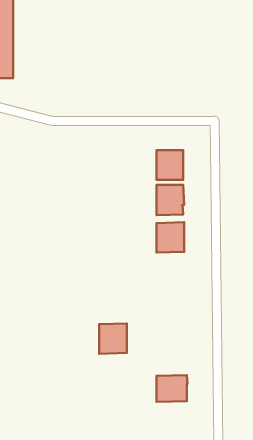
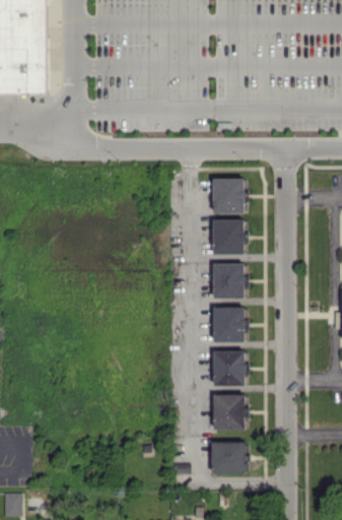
building: none -> [212,306,246,340]
building: none -> [213,349,246,385]
building: [99,323,127,354] -> [213,393,246,429]

